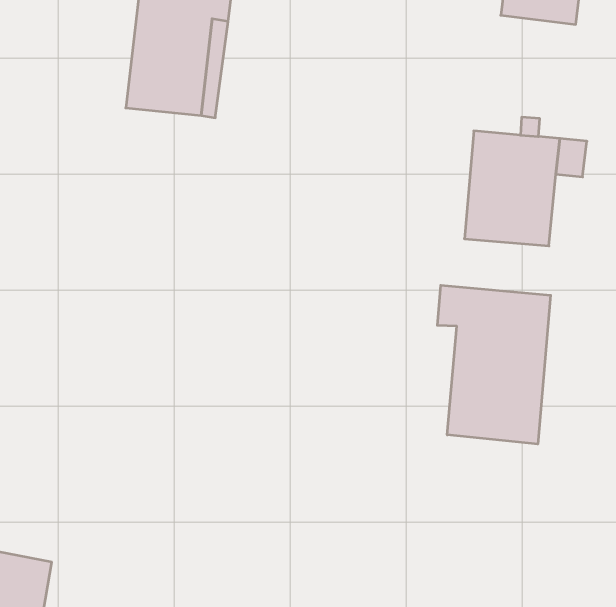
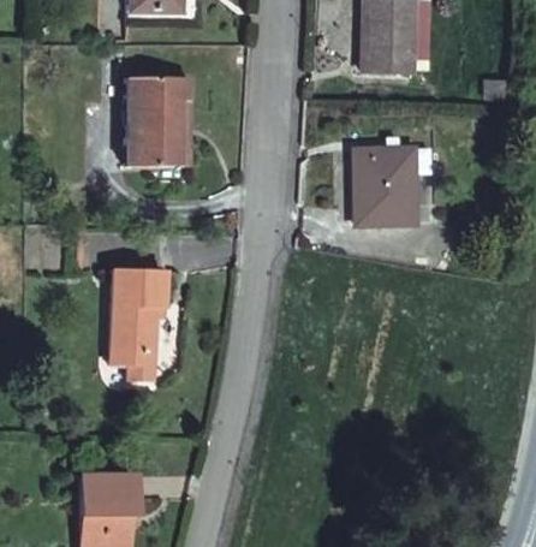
building: none -> [113,269,171,381]
building: [437,285,551,444] -> none

